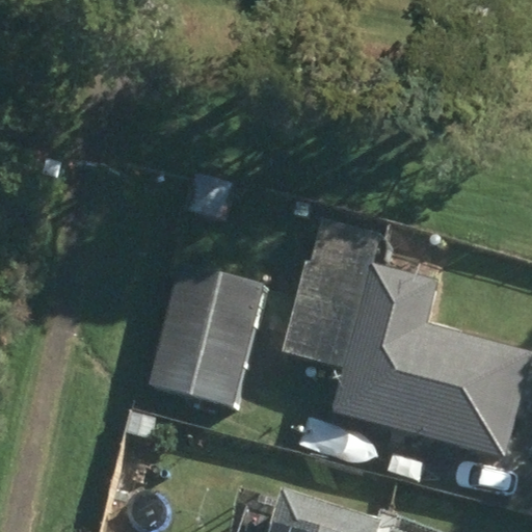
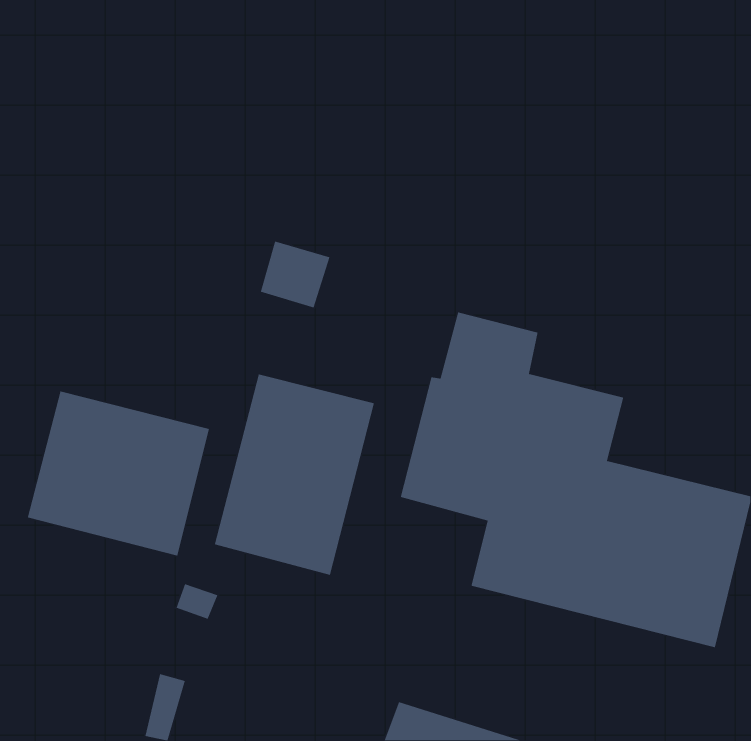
building: none -> [27,390,210,557]

